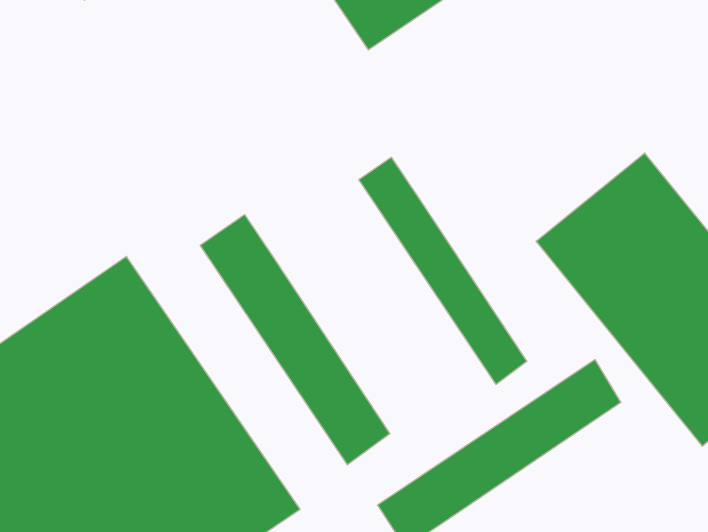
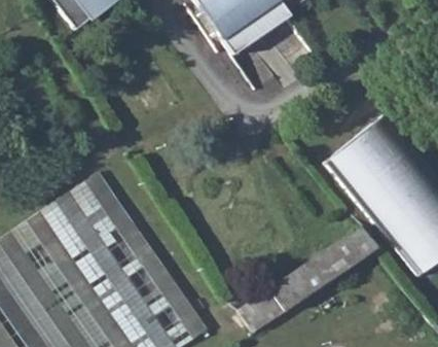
building: [359,157,527,384] -> none
building: [200,215,390,465] -> none

